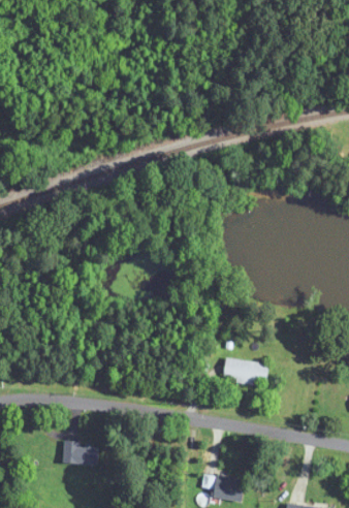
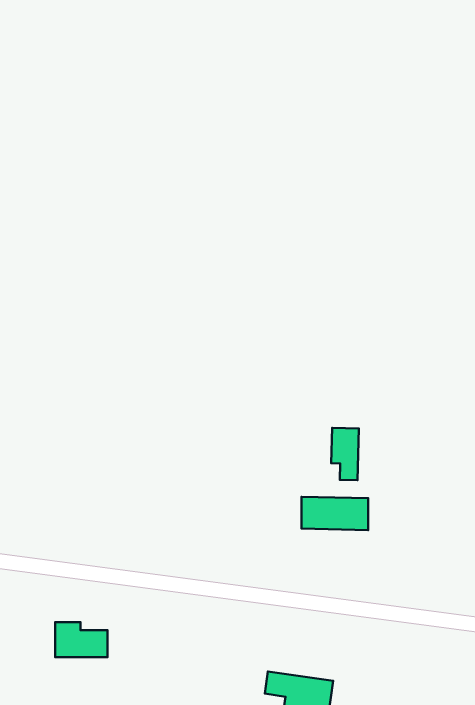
building: none -> [331,428,359,480]

